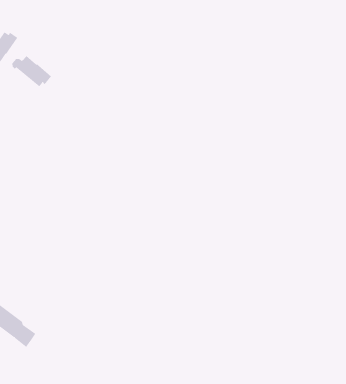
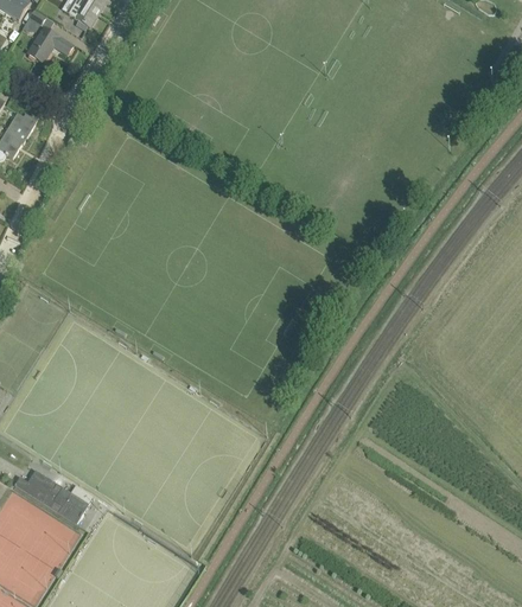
building: [12,55,52,87] -> none

